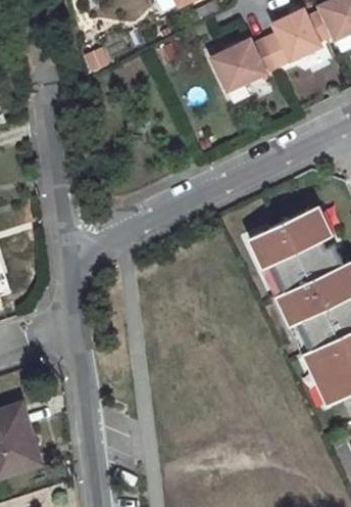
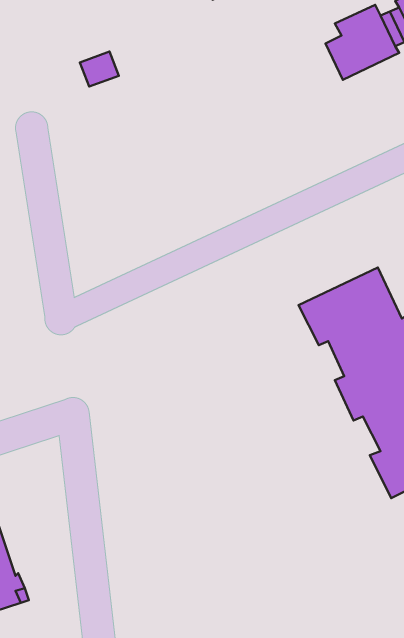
building: [213,38,281,90] -> none

